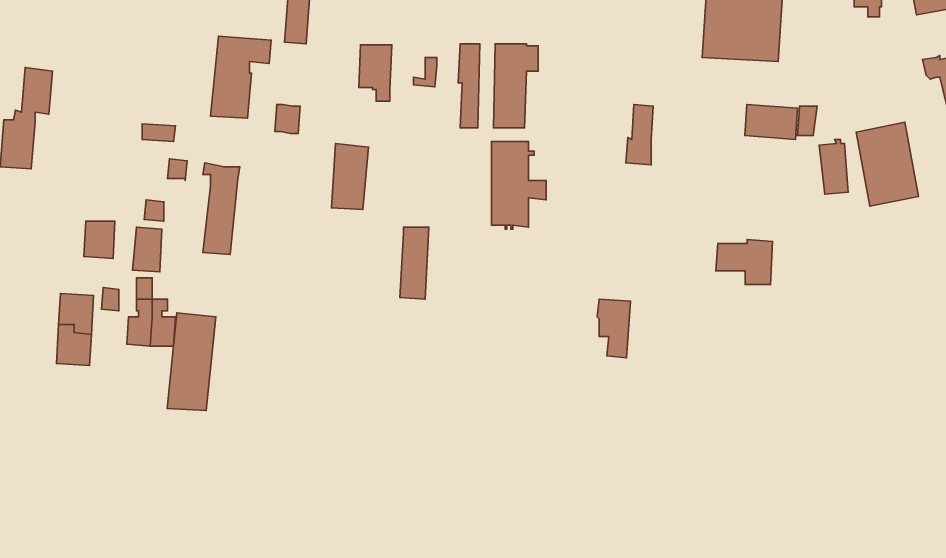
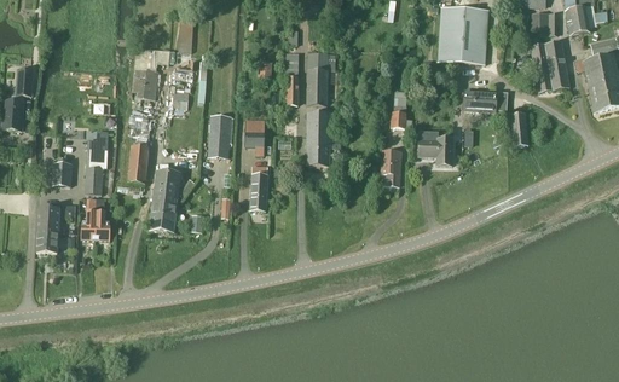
building: [359,45,392,101] -> [245,118,266,154]
building: [856,122,918,206] -> [532,40,571,92]
building: [716,240,772,284] -> [418,138,453,166]
building: [597,299,630,358] -> [381,149,401,185]
building: [167,313,216,410] -> [150,170,180,231]

